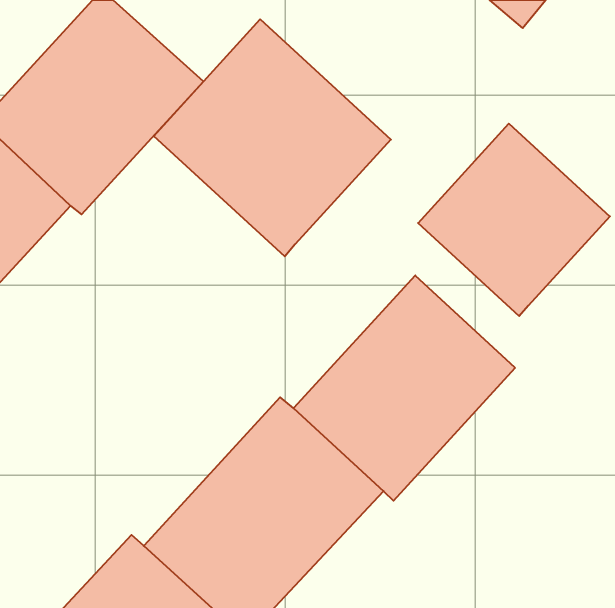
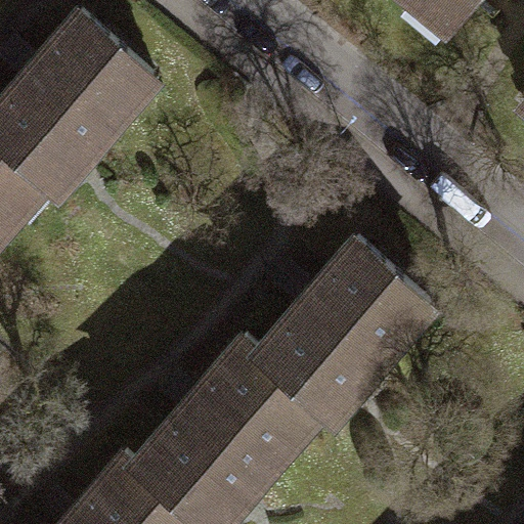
building: [154,19,391,256] -> none
building: [418,124,610,316] -> none

